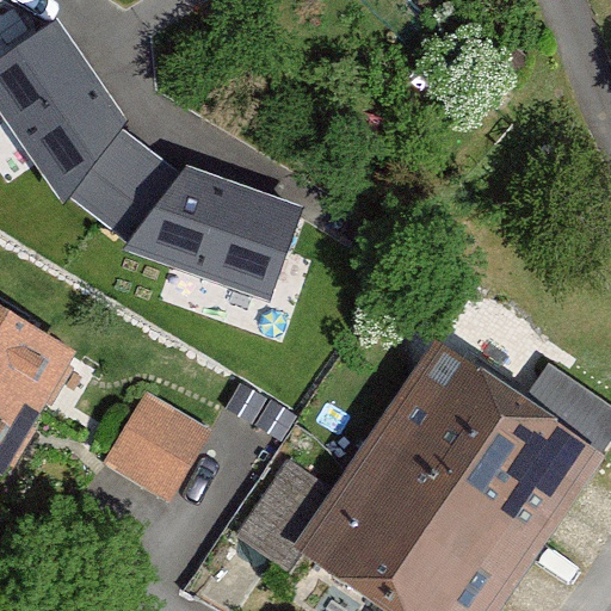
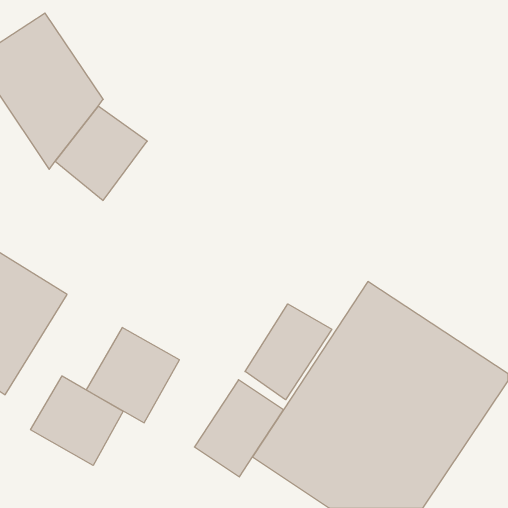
building: [118,162,298,301] -> none
building: none -> [245,304,332,400]
building: none -> [31,376,123,465]

